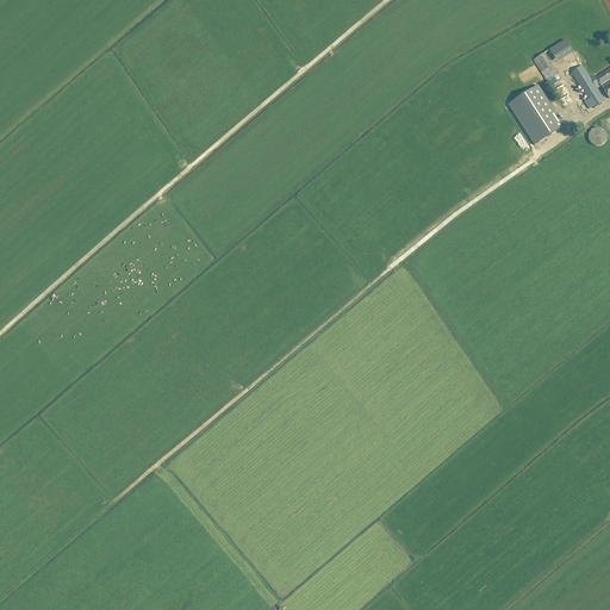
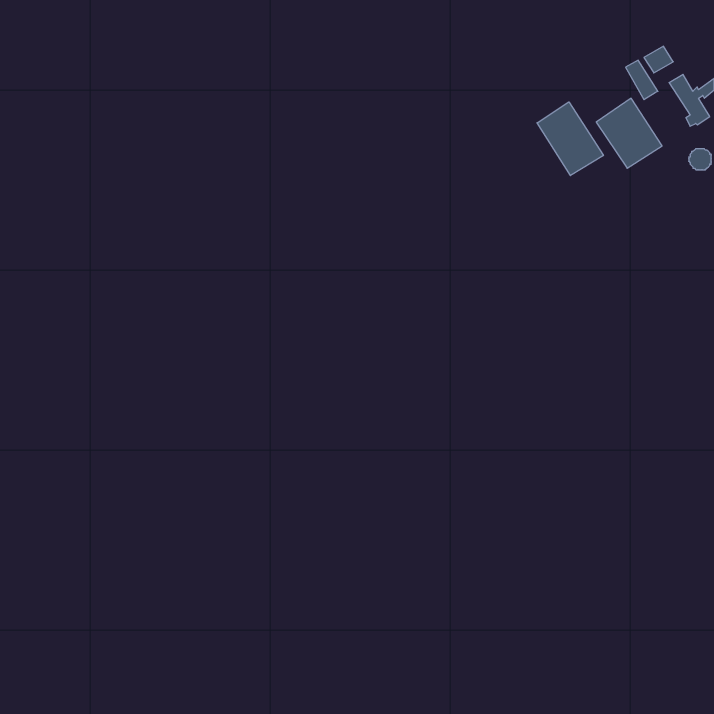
building: none -> [537,102,603,176]

